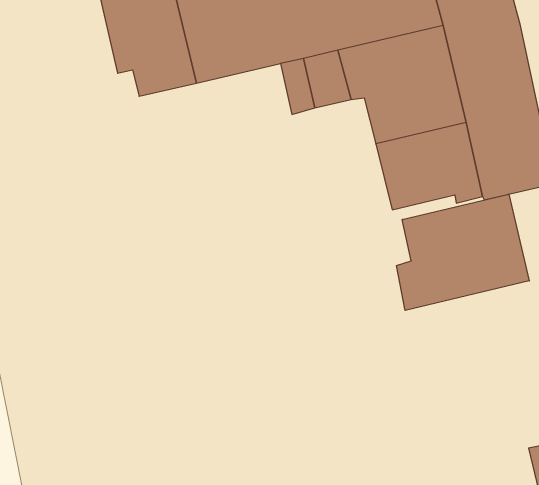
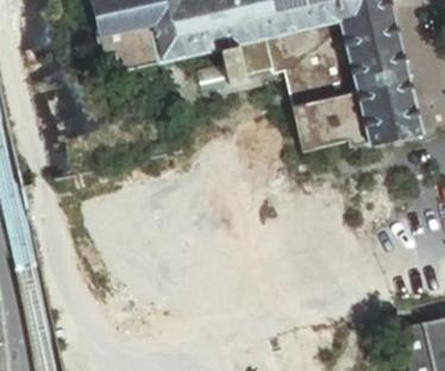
building: [396,194,529,310] -> none

